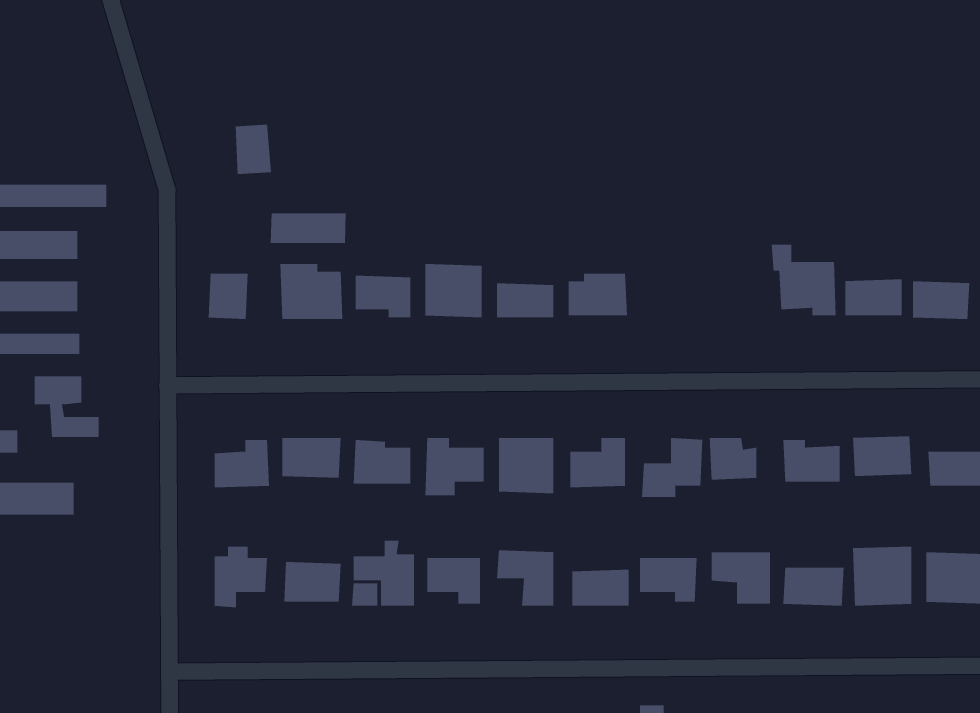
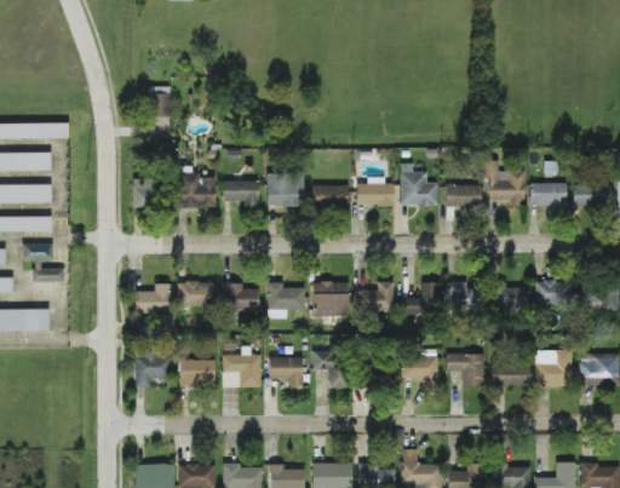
building: [270,213,346,244] -> none
building: none -> [400,163,438,207]
building: none -> [446,185,482,207]

